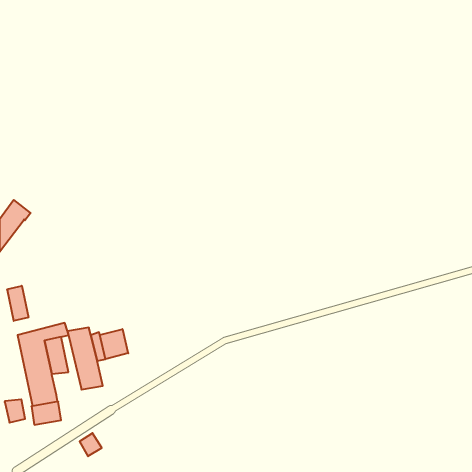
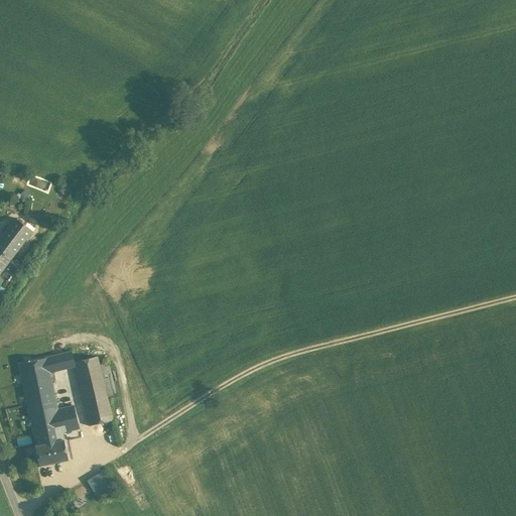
building: [7,286,28,321] -> none
building: [100,329,128,359] -> none
building: [5,399,25,423] -> [56,406,79,431]

